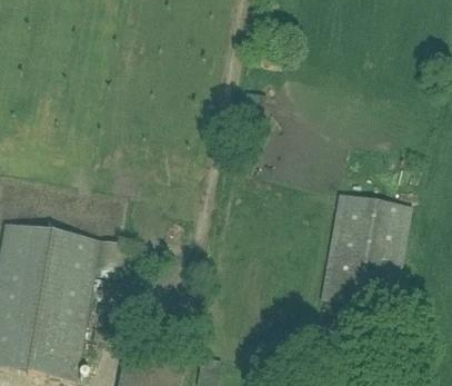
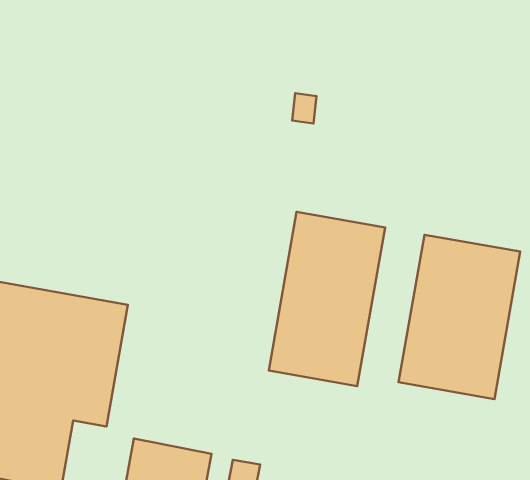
building: none -> [269,212,385,386]

